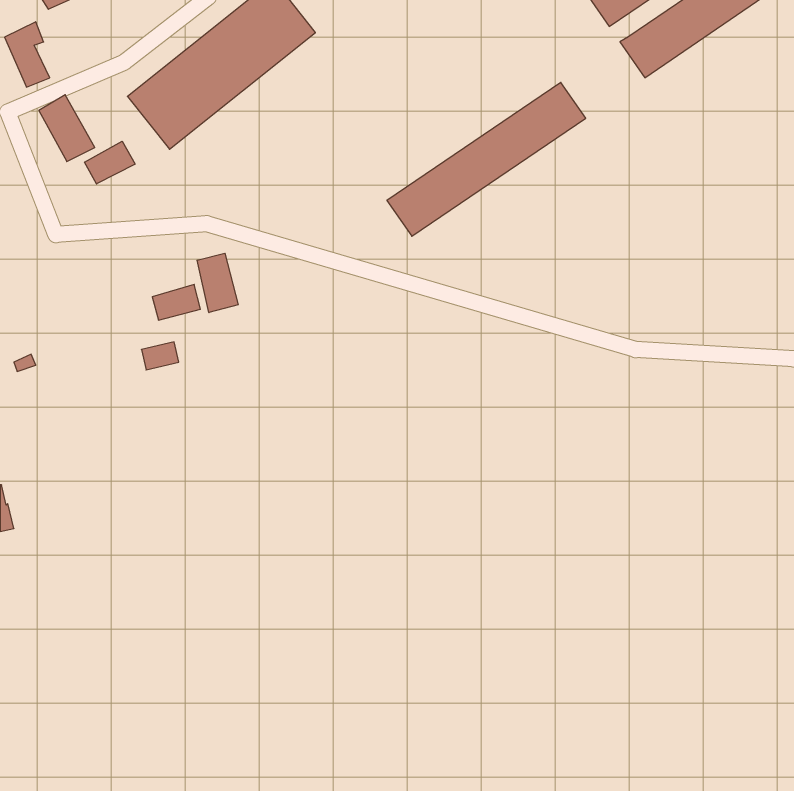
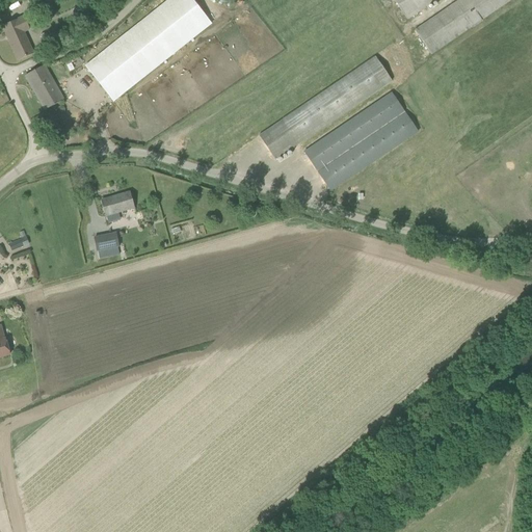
building: none -> [304,91,418,189]
building: [85,141,135,184] -> none
building: [197,253,238,313] -> none

